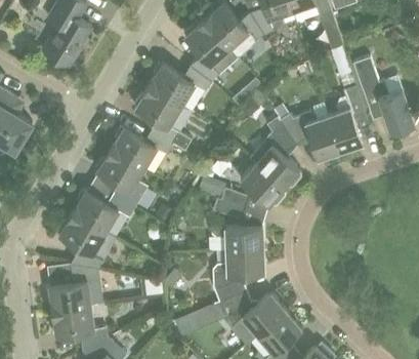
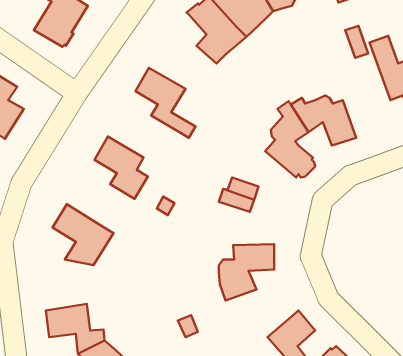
building: [148,65,210,106] -> none
building: [327,86,367,151] -> none
building: [110,128,172,169] -> none
building: [240,163,285,206] -> none
building: [72,191,134,233] -> none
building: [210,225,263,250] -> none
building: [48,264,102,311] -> none
building: [212,291,286,345] -> none

